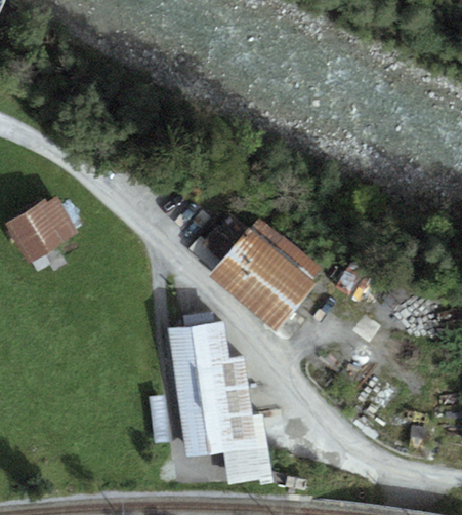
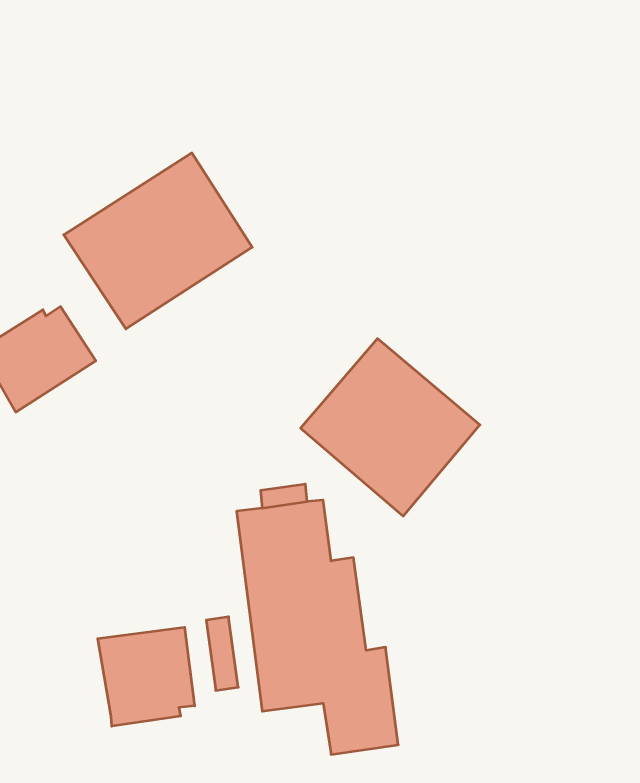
building: none -> [64,153,252,329]
building: none -> [98,627,195,726]

